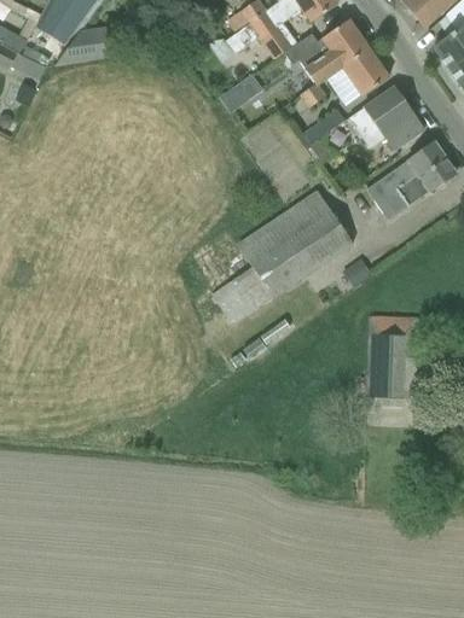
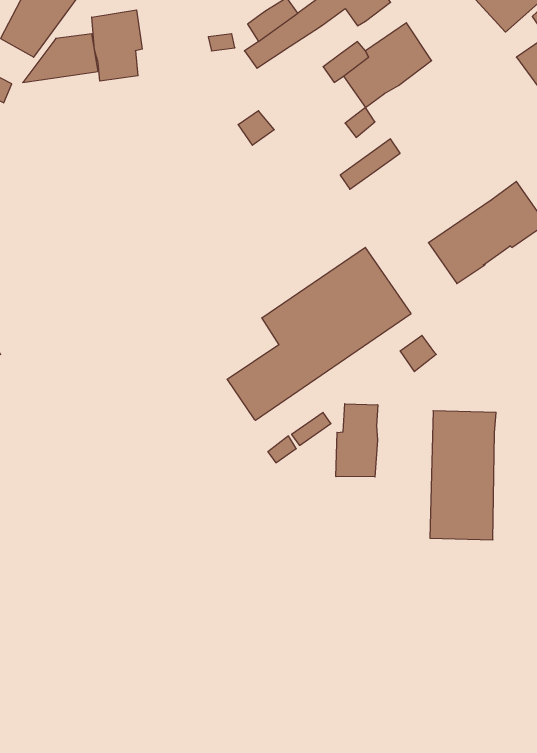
building: none -> [92,10,142,81]
building: [327,47,389,103] -> none
building: [350,84,424,148] -> none
building: none -> [336,404,378,477]

